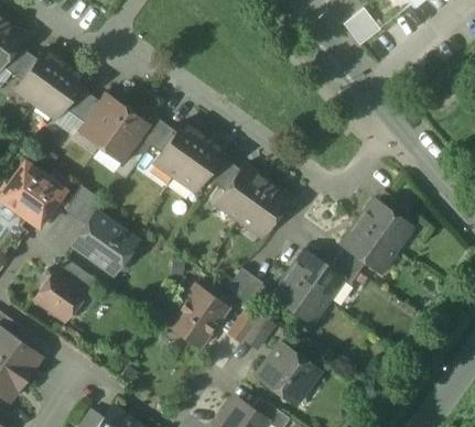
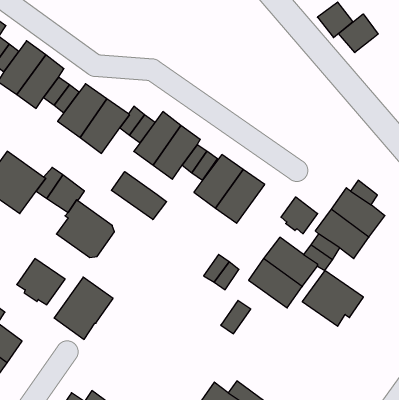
building: none -> [338,14,378,53]
building: none -> [111,172,167,220]
building: none -> [281,197,318,234]
building: [168,285,228,349] -> [54,277,113,339]
building: [256,344,319,402] -> [302,270,363,326]

